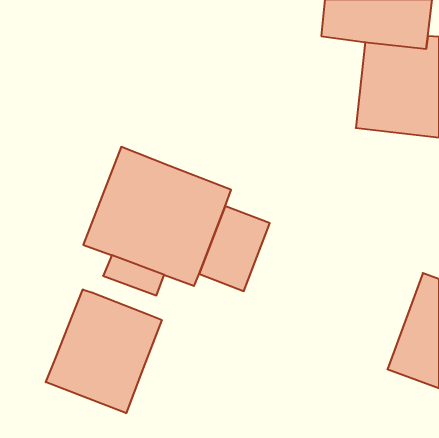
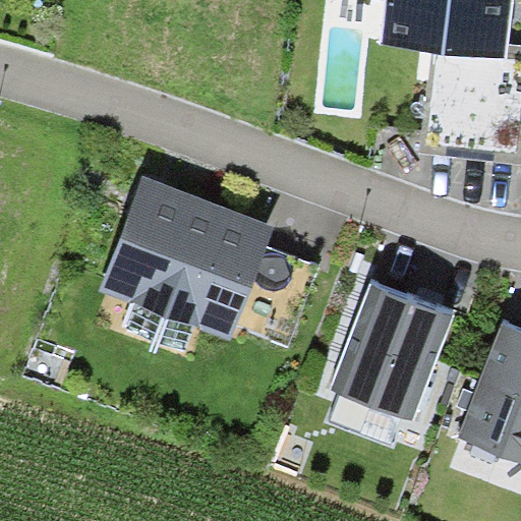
building: none -> [330,280,454,420]
building: [46,289,162,413] -> none

